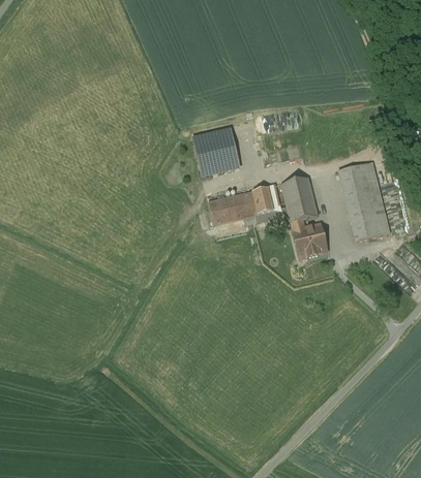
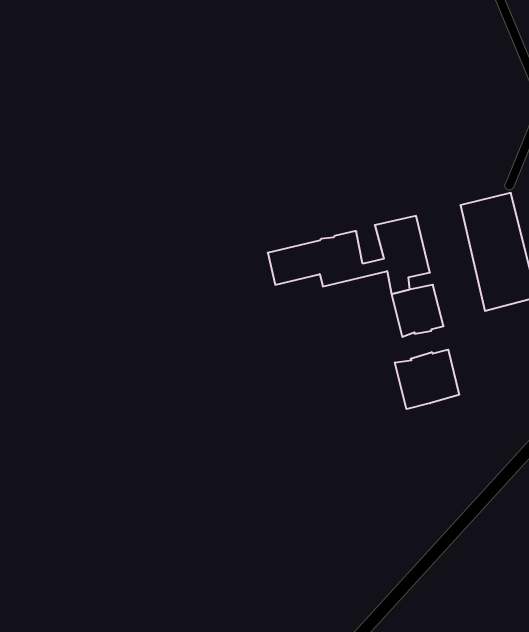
building: [192,128,239,176] -> none
building: none -> [395,350,459,409]

